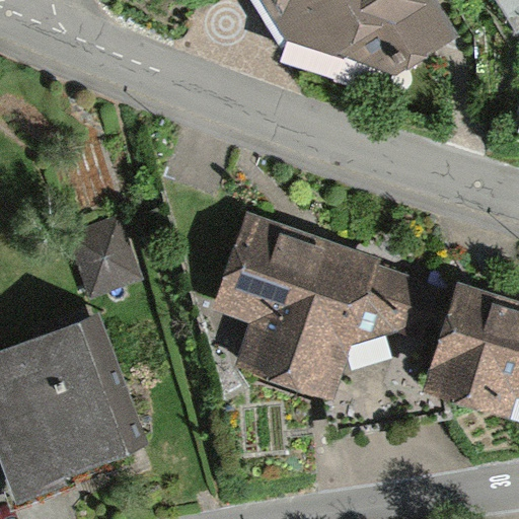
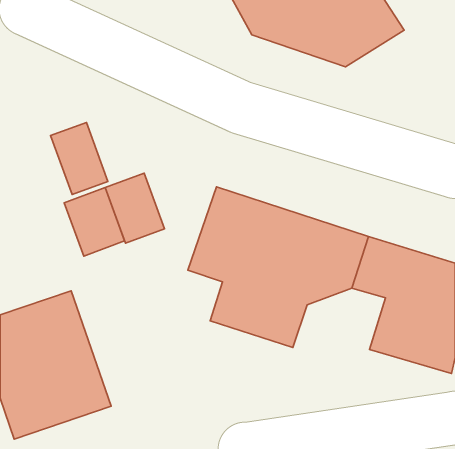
building: none -> [50,122,108,194]
building: none -> [105,173,165,243]

